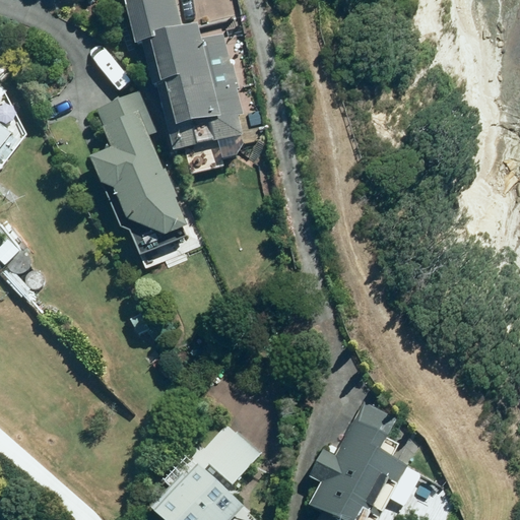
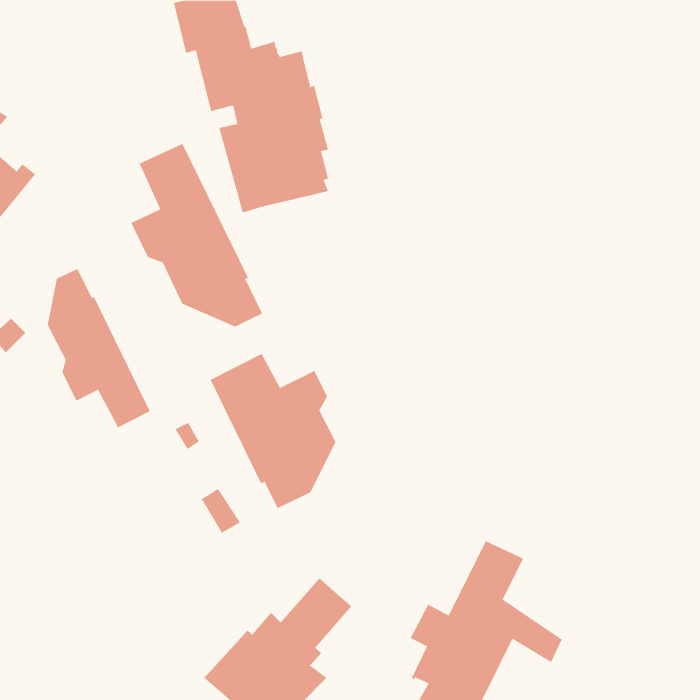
building: none -> [47,268,151,428]
building: none -> [210,353,336,509]

